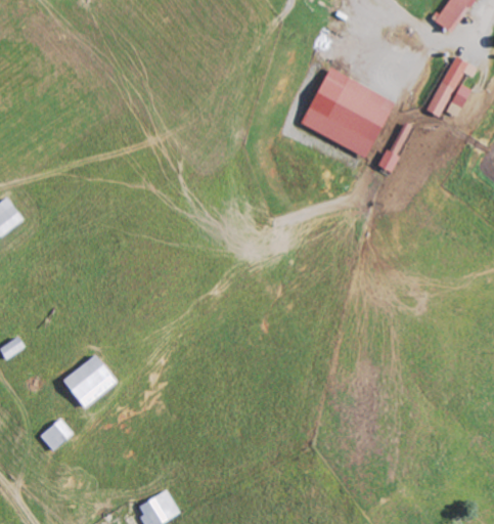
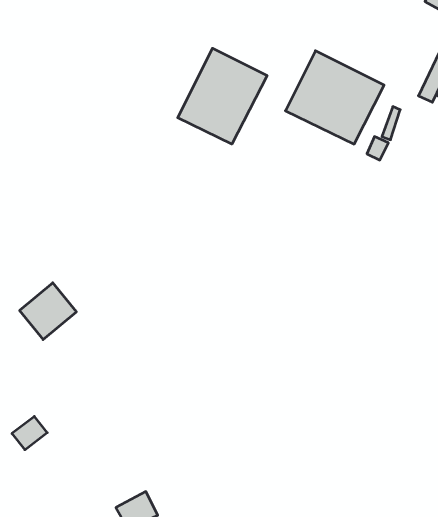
building: none -> [178,48,267,144]
building: [61,353,116,407] -> [20,283,76,340]

